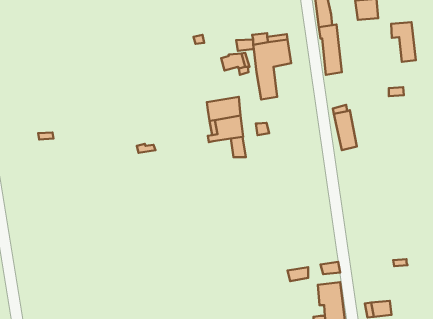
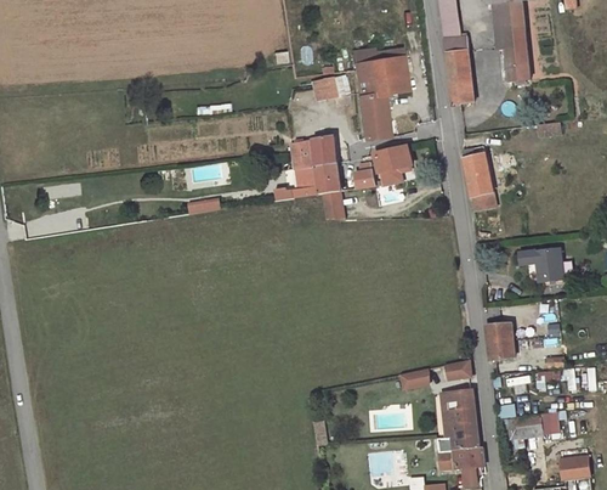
building: [391,22,416,62] -> [495,27,529,81]
building: none -> [373,146,409,184]
building: none -> [518,248,563,281]
building: none -> [484,322,514,360]

